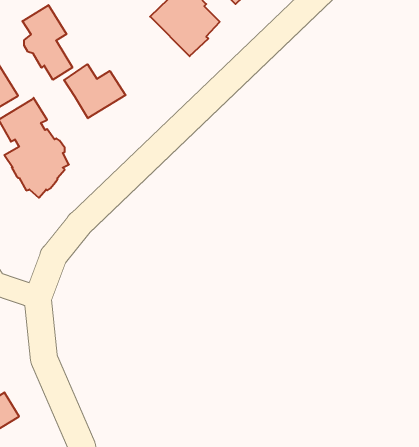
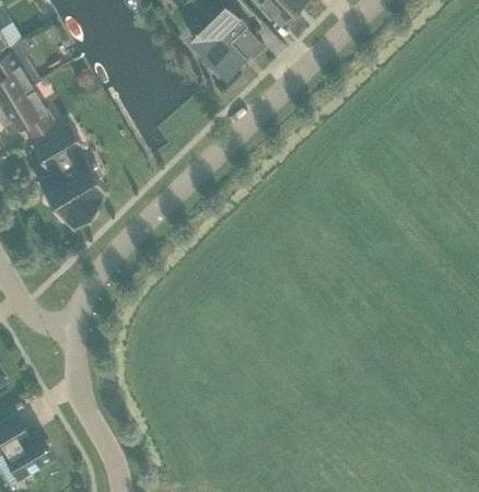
building: [22,5,72,80] -> none
building: [64,64,126,118] -> none

